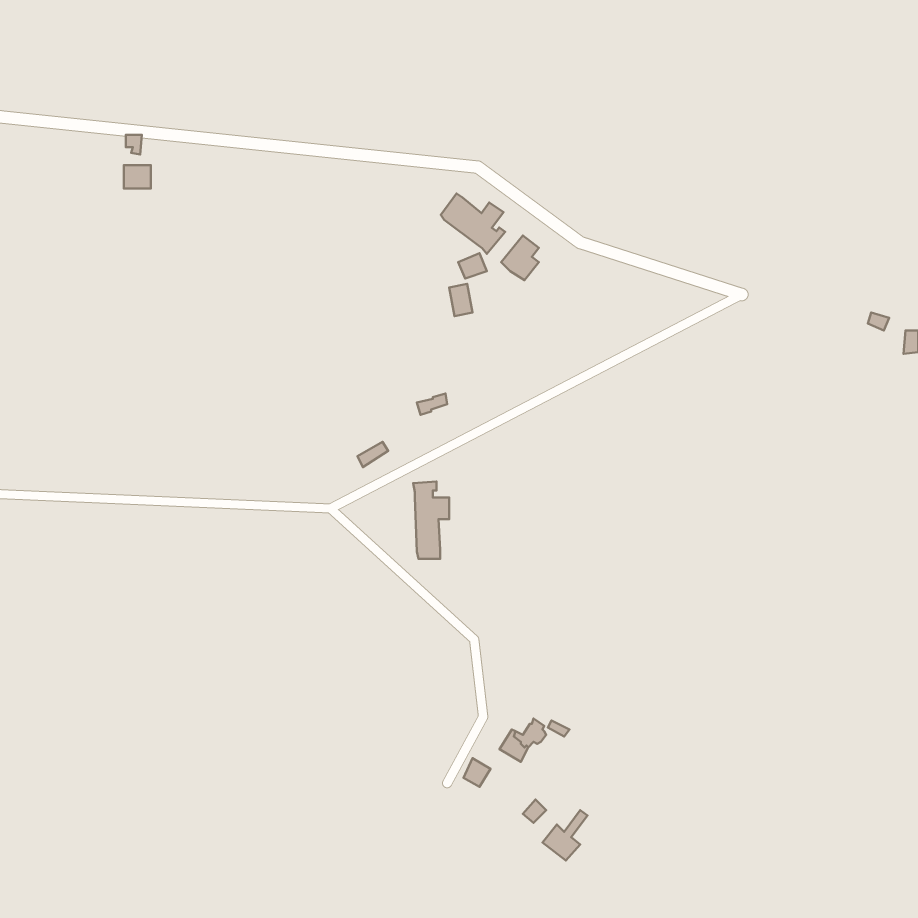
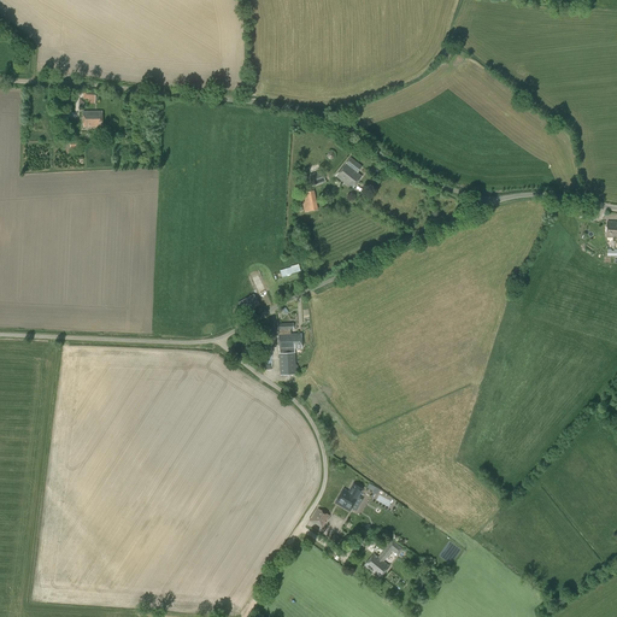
building: [441,194,505,254] -> none

